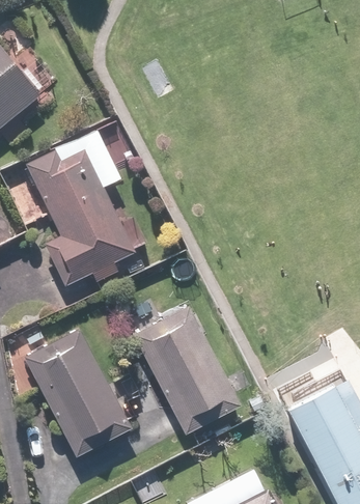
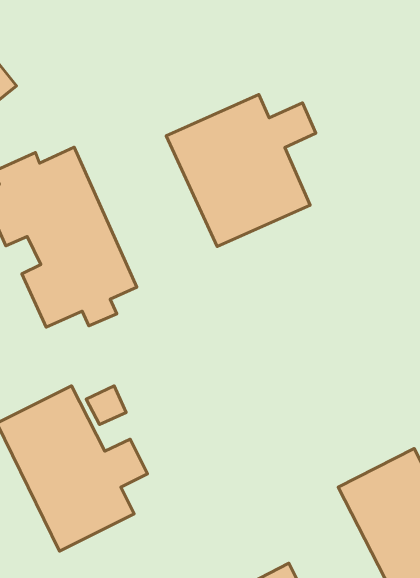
building: none -> [166,94,316,247]
building: [134,305,242,421] -> none

